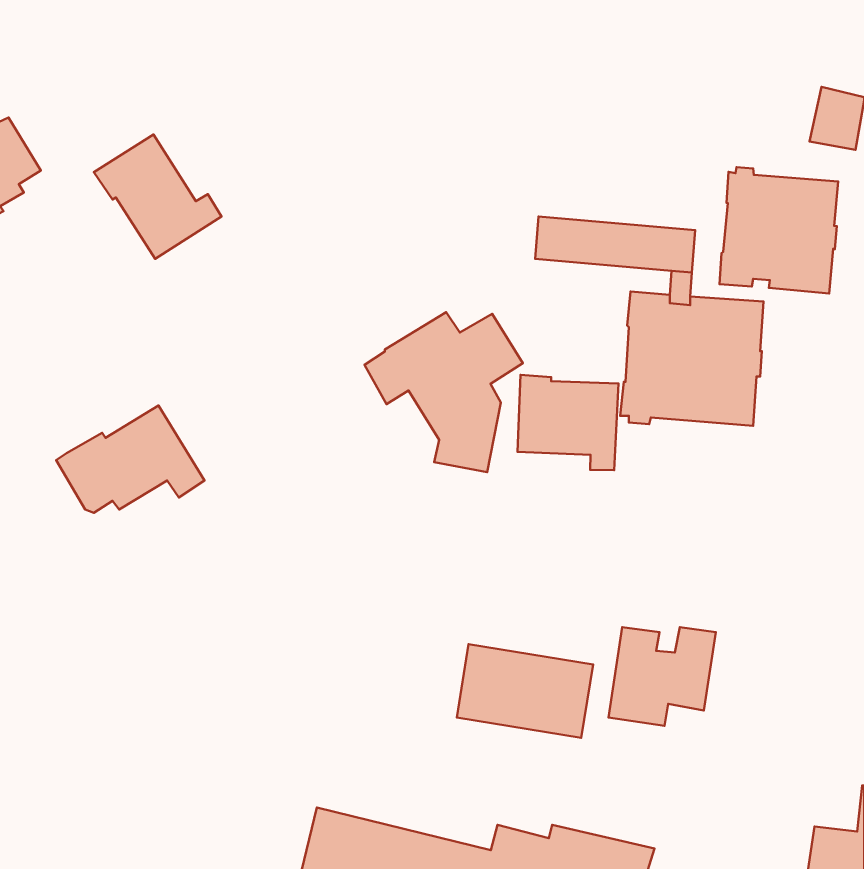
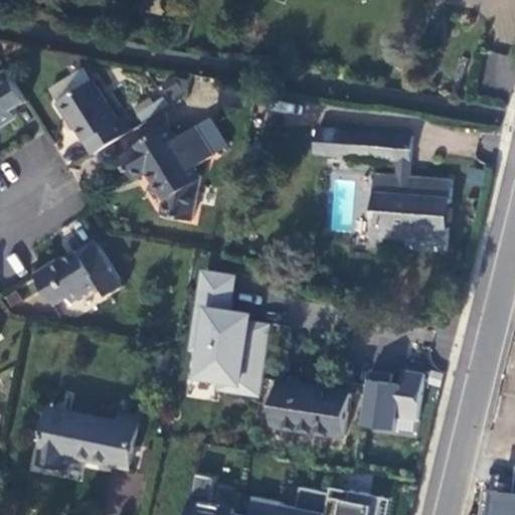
building: [719,167,838,293] -> none
building: [364,312,523,472] -> [119,126,212,220]
building: [517,375,619,470] -> none
building: none -> [179,270,266,395]
building: none -> [37,408,138,469]

